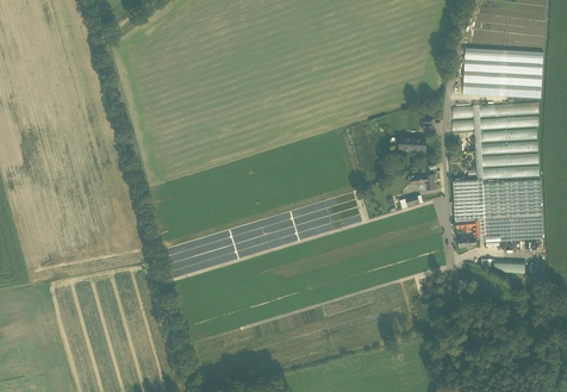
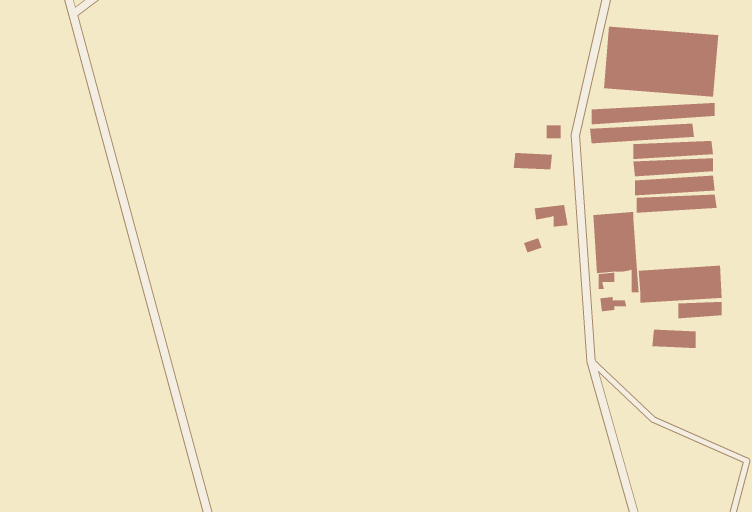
building: [482,179,542,218] -> none

